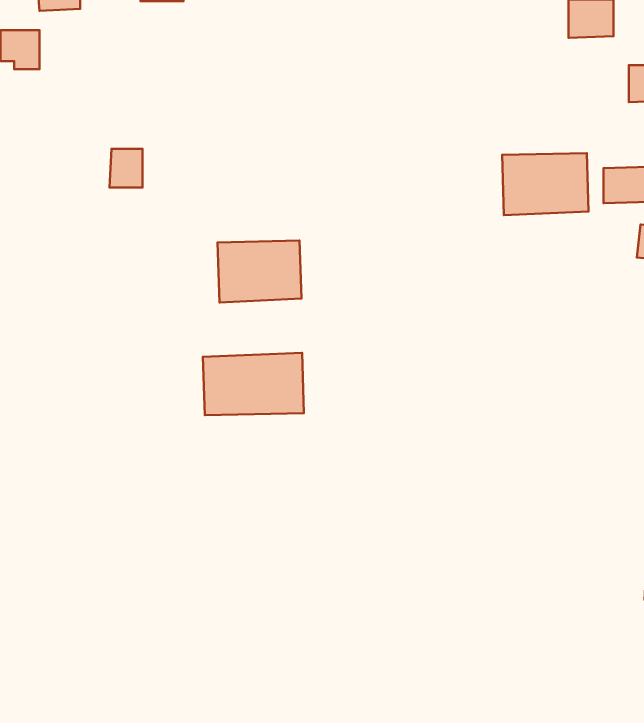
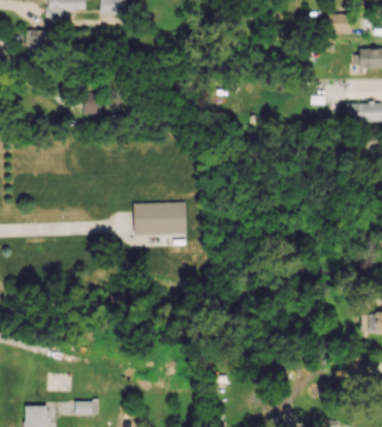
building: [502,153,589,215] -> none
building: [217,241,301,302] -> none

